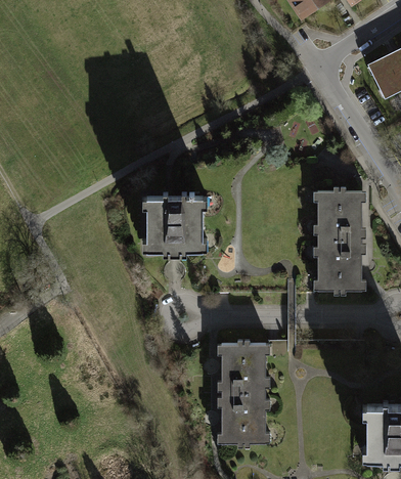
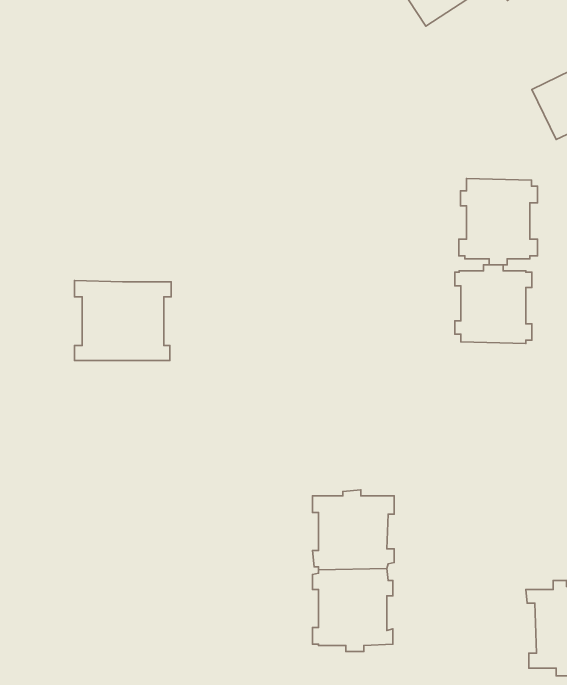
building: [148,197,214,251] -> [74,280,171,360]
building: [313,237,366,296] -> [459,179,538,265]

